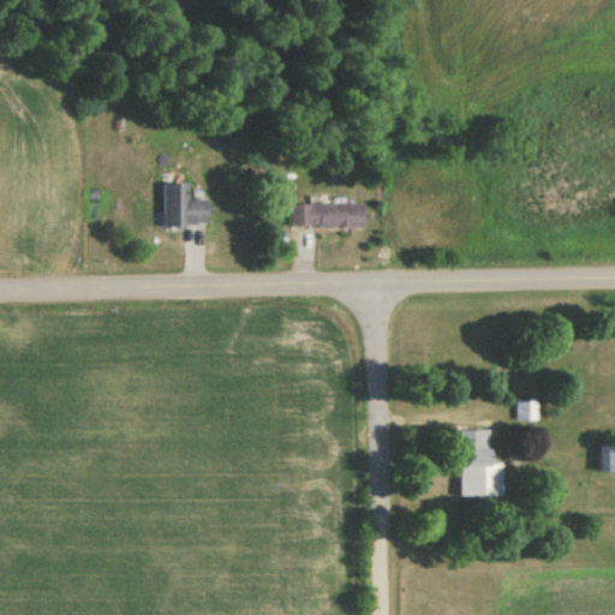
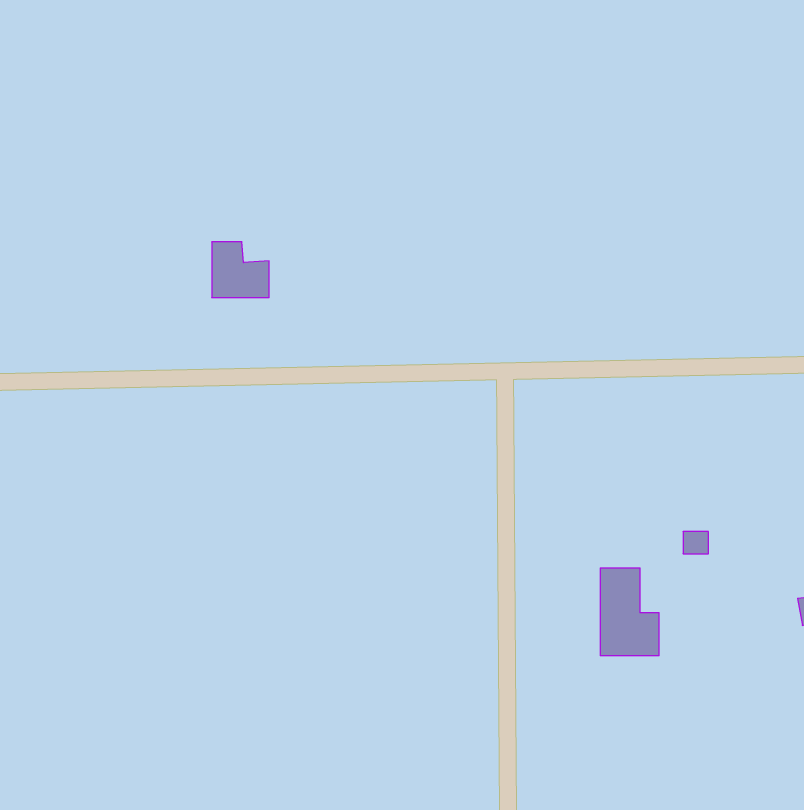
building: [293,203,365,227] -> none

